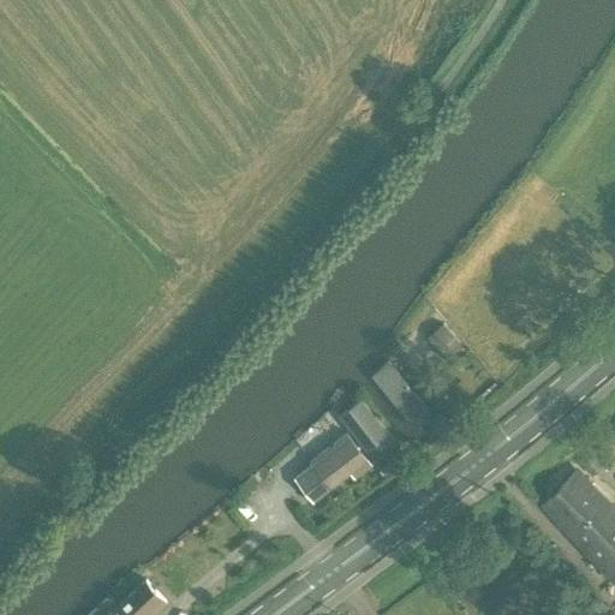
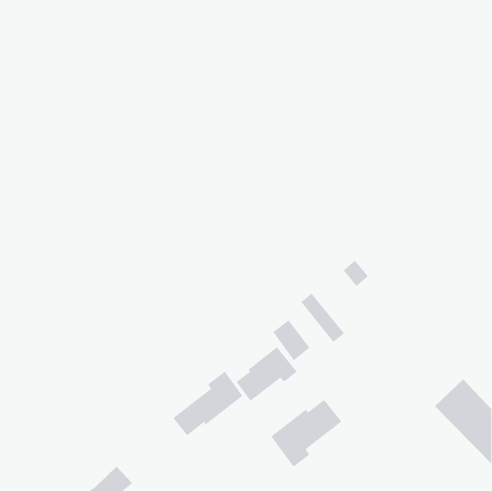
building: none -> [172,371,243,436]
building: none -> [270,399,342,467]

